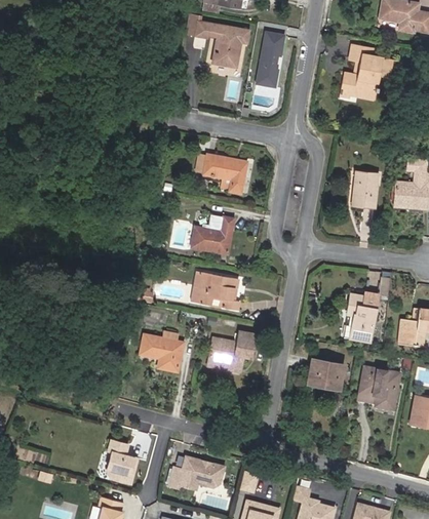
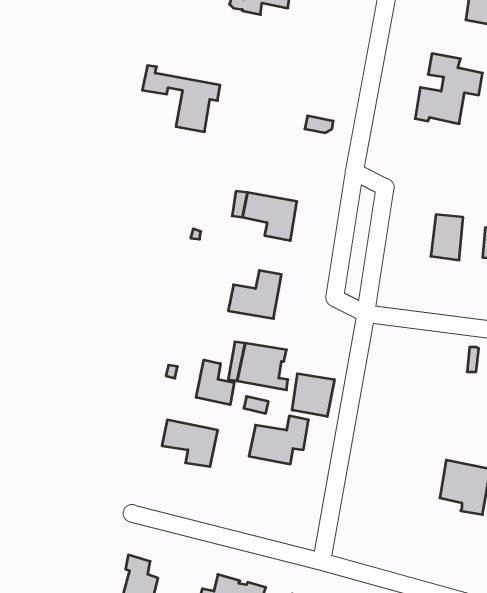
building: [187,14,248,67] -> [142,66,220,132]
building: [256,31,284,86] -> none
building: none -> [196,360,234,405]
building: [344,291,378,341] -> none
building: none -> [292,374,334,417]
building: [307,357,343,389] -> none

